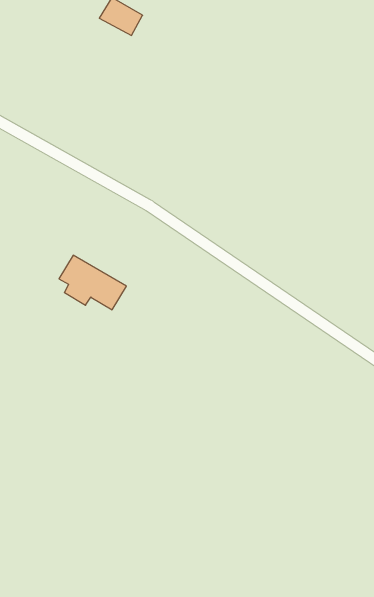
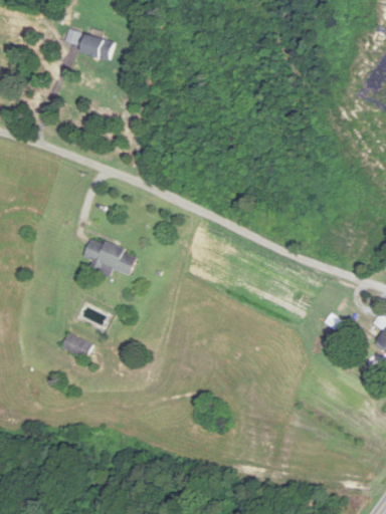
building: none -> [61,333,91,358]

